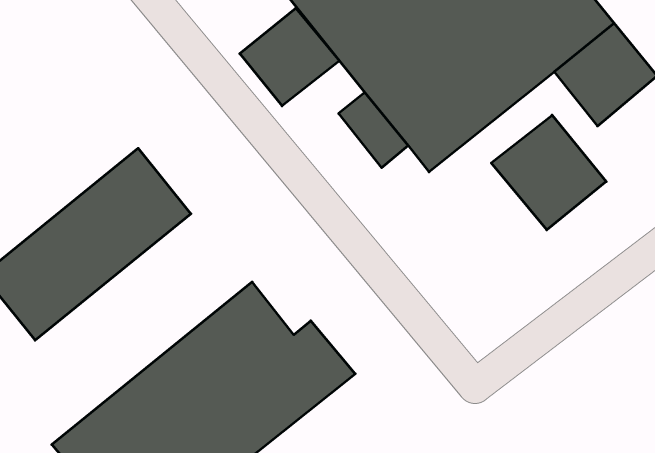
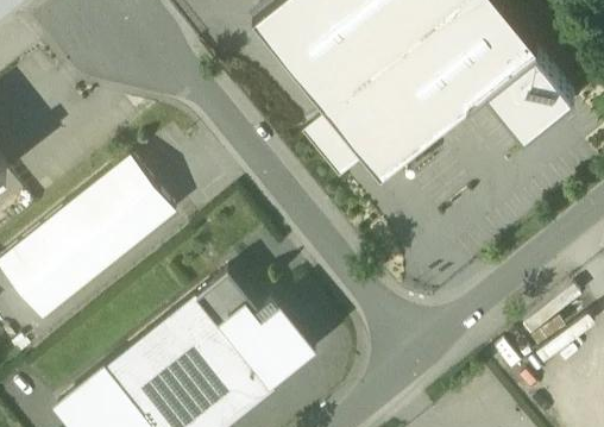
building: [240,8,339,106] -> none
building: [491,115,606,230] -> none

